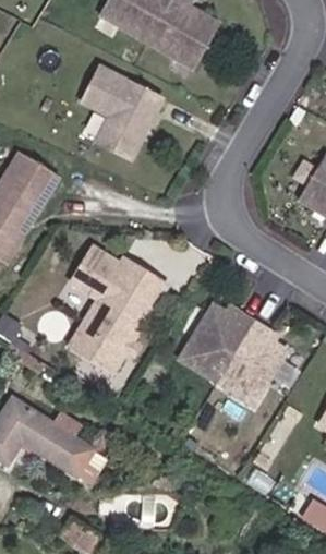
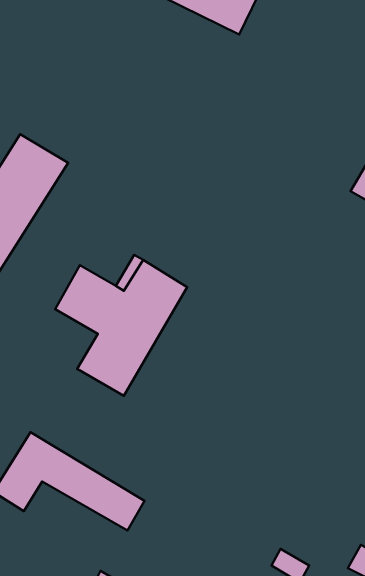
building: [82,65,162,158] -> none
building: [179,302,289,400] -> none

